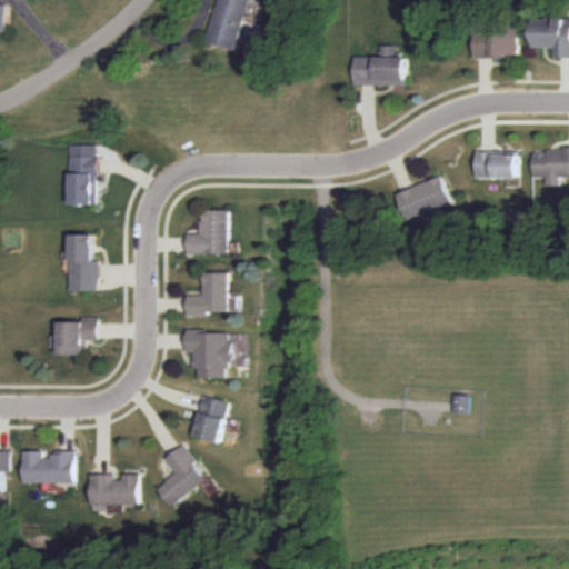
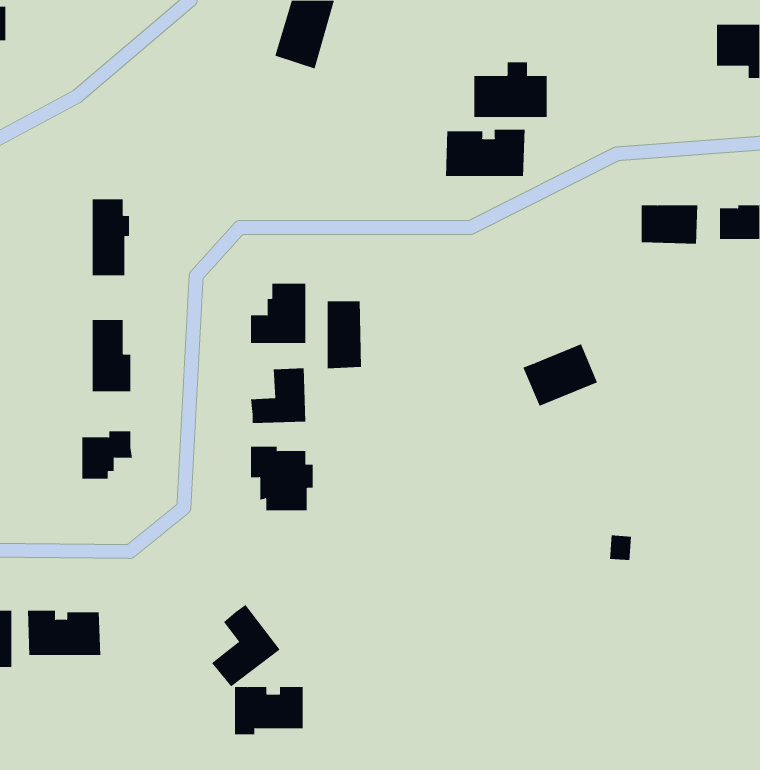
building: [470,32,515,59] -> none
building: none -> [445,129,525,177]
building: [392,177,448,223] -> [523,343,598,407]
building: none -> [327,300,361,369]
building: [193,397,228,441] -> none
building: [89,473,140,509] -> [234,687,303,735]

